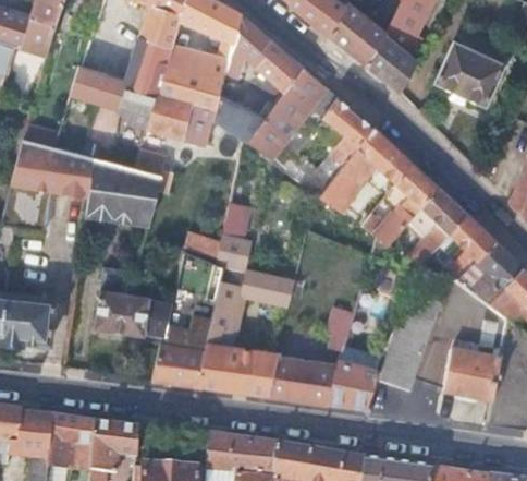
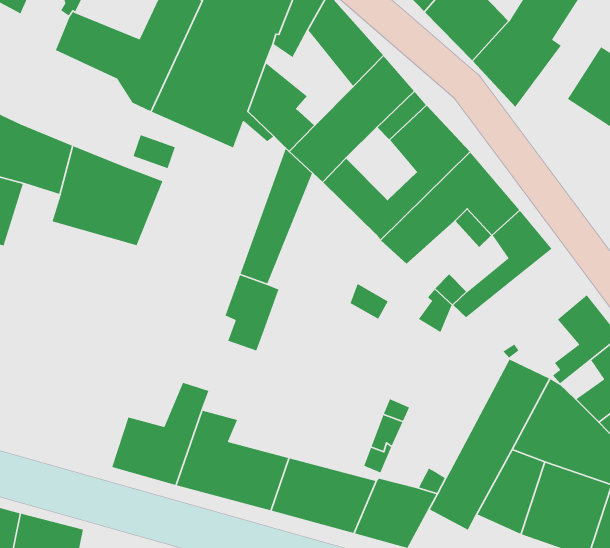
building: [419,185,467,251] -> none
building: [96,269,175,338] -> none
building: [210,270,294,335] -> none

